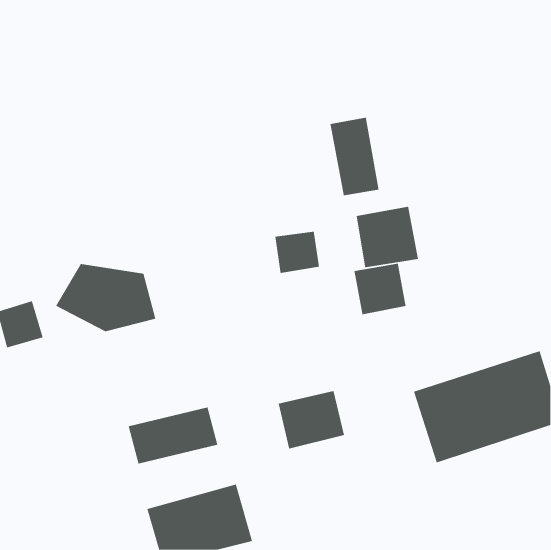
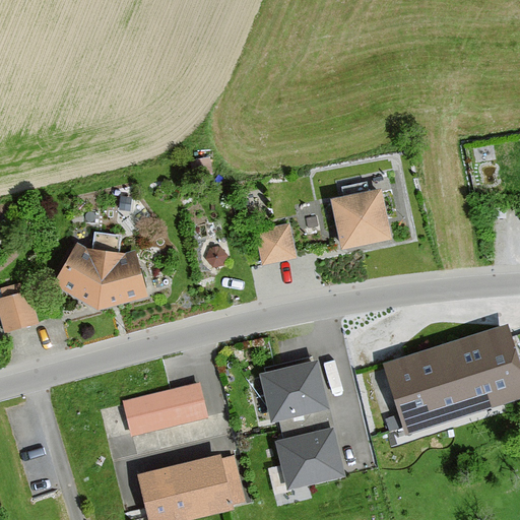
building: [330,117,379,196] -> none
building: [354,263,406,315] -> none
building: none -> [276,433,338,488]

